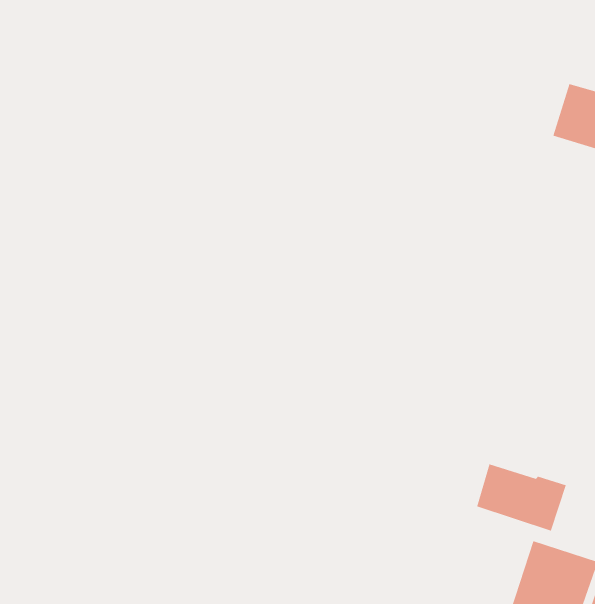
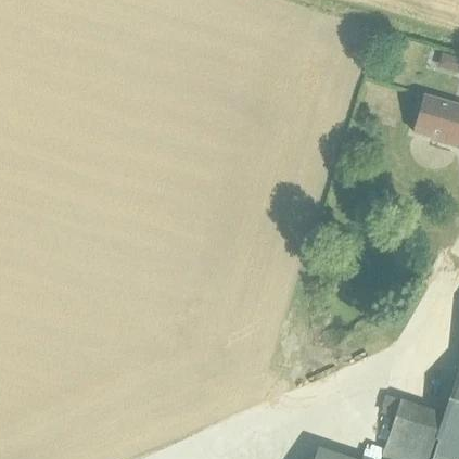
building: [477,464,567,531] -> none

